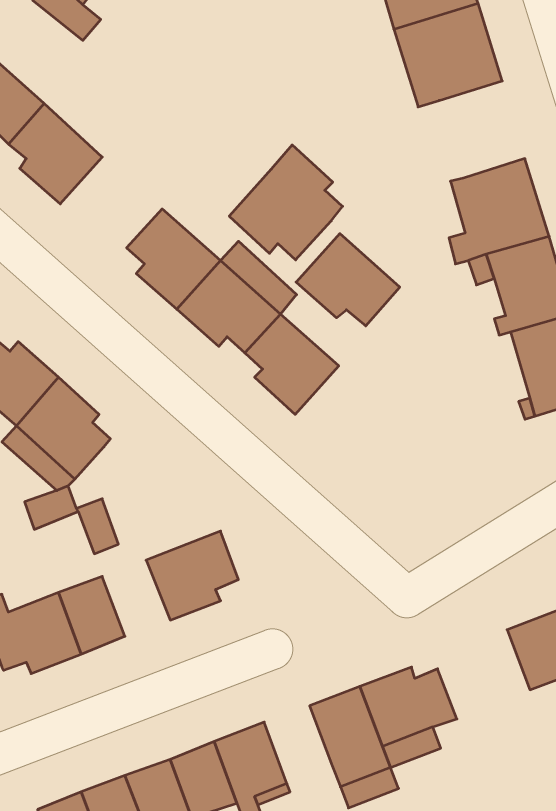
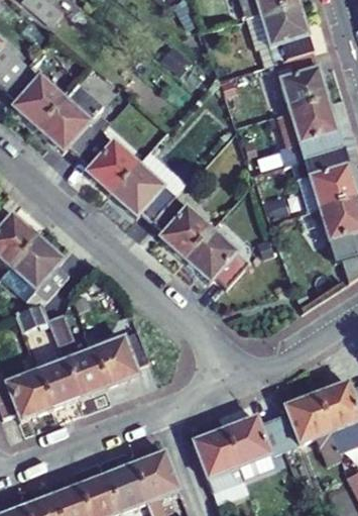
building: none -> [274,50,328,111]
building: [229,145,343,260] -> [38,83,109,154]
building: [296,234,400,326] -> [185,228,249,286]
building: none -> [65,349,107,397]
building: none -> [273,393,341,463]

